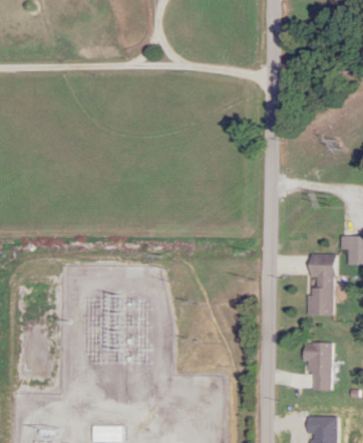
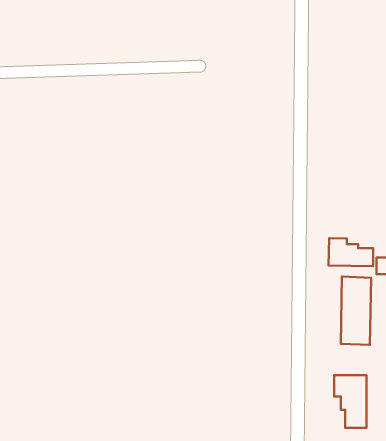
building: none -> [329,238,373,266]

